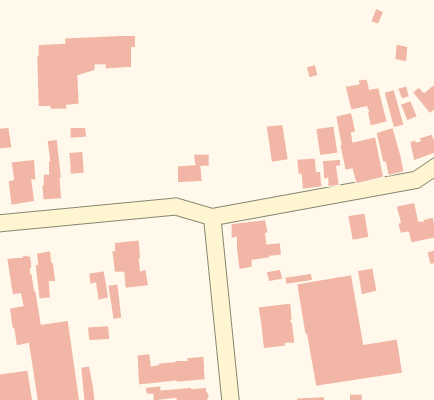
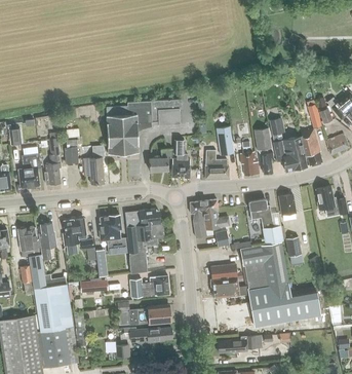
building: [36,35,136,109] -> [106,100,182,156]
building: [345,79,387,126] -> none
building: none -> [170,141,189,178]
building: none -> [204,150,228,178]
building: none -> [83,157,104,185]
building: none -> [247,198,283,244]
building: none -> [124,209,164,273]
building: none -> [63,218,85,246]
building: none -> [129,275,169,298]

